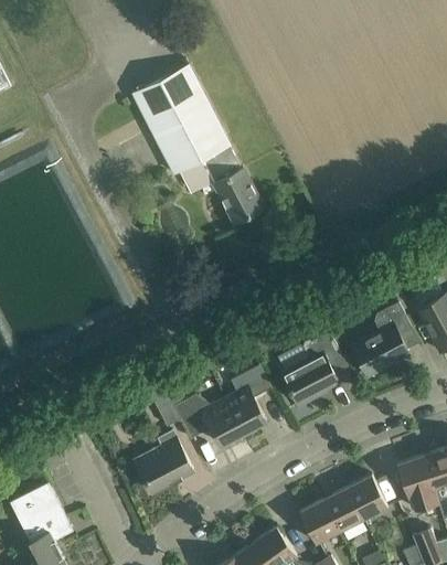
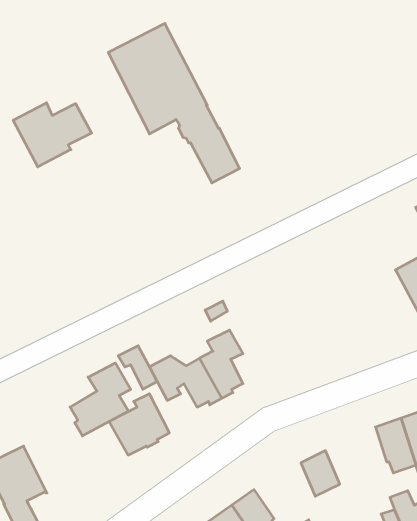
building: none -> [13,103,92,167]
building: [352,302,412,376] -> none
building: [281,329,341,407] -> none
building: none -> [70,363,131,436]
building: [348,476,389,521] -> none
building: [299,500,338,544] -> none

